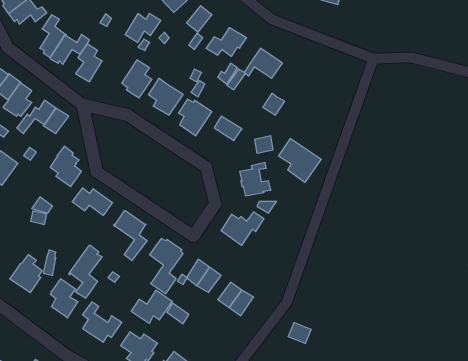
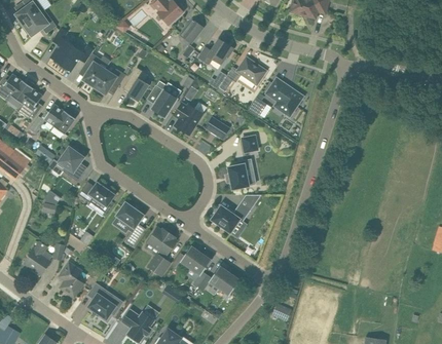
building: [125,14,161,42] -> [94,69,125,94]
building: [278,139,321,182] -> [265,78,303,117]
building: [69,245,102,298] -> none
building: [131,290,172,323] -> none

